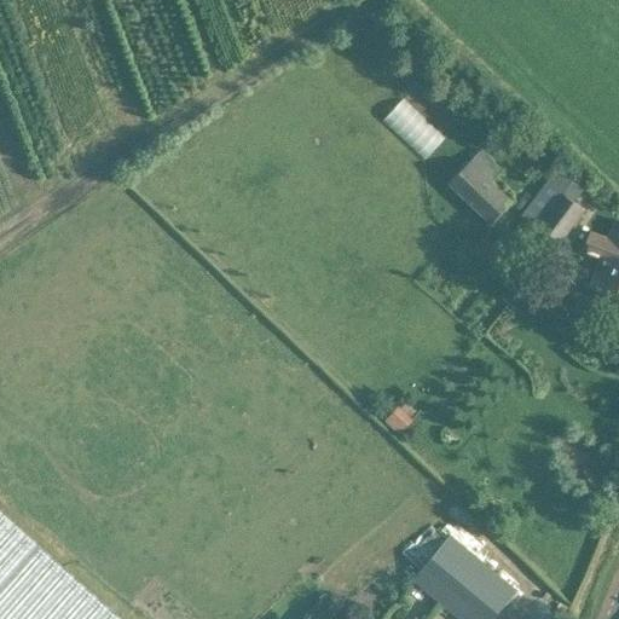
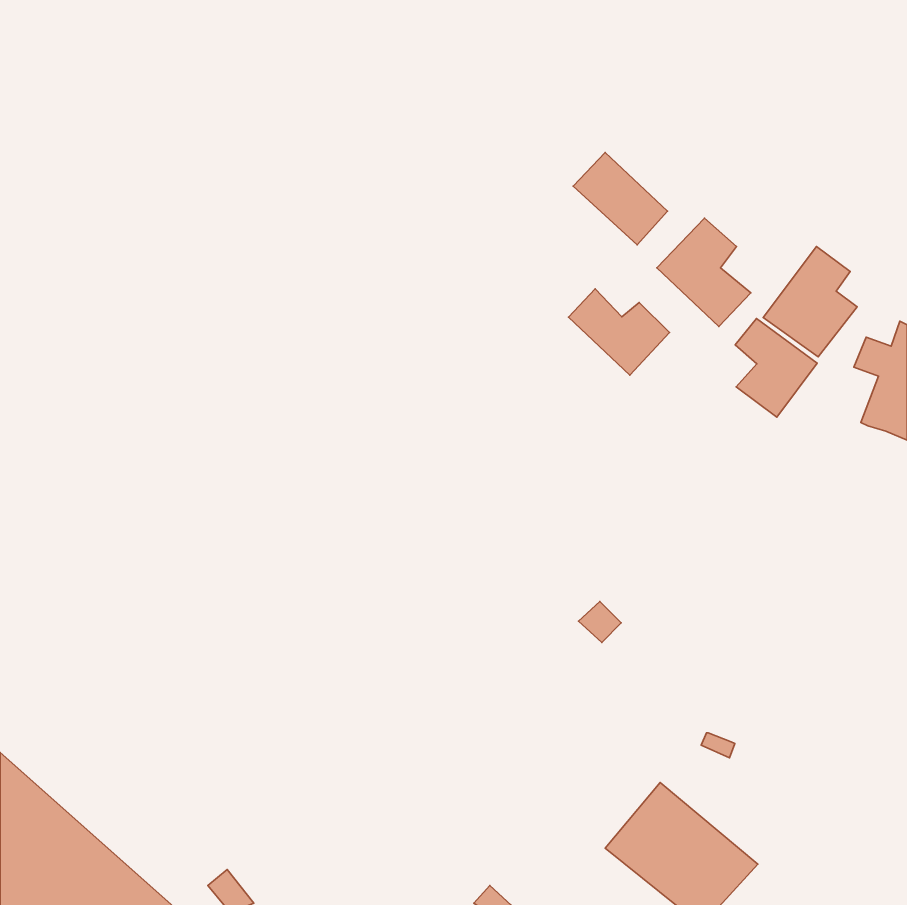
building: none -> [568,289,669,375]
building: none -> [735,319,817,417]

